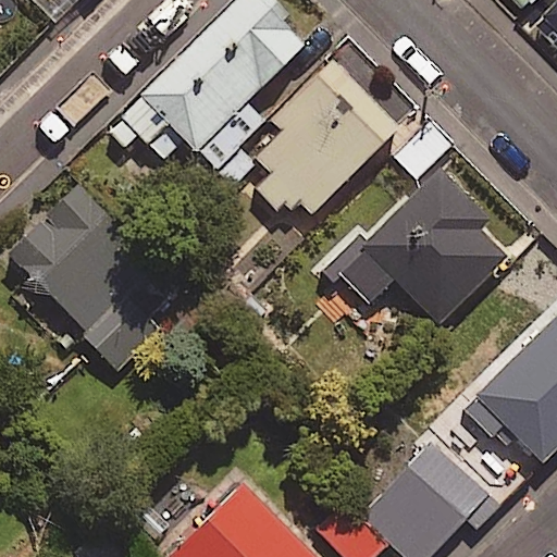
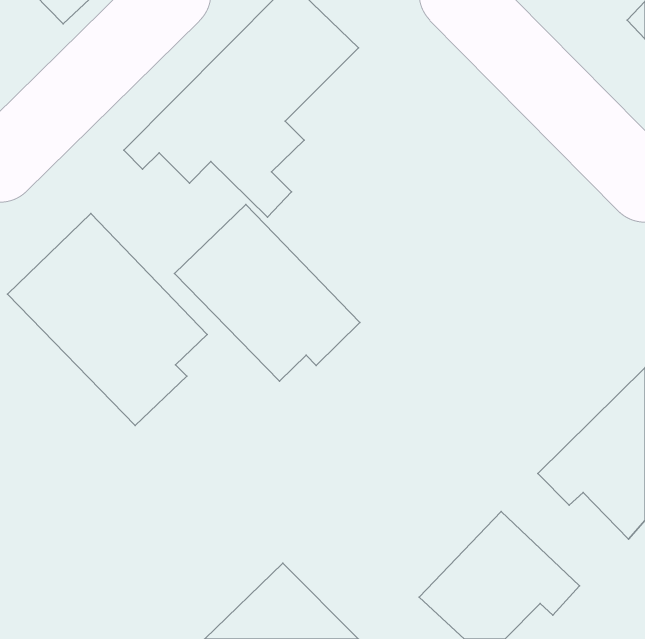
building: [251,61,398,213] -> none
building: [330,169,506,324] -> none
building: none -> [174,204,360,381]

